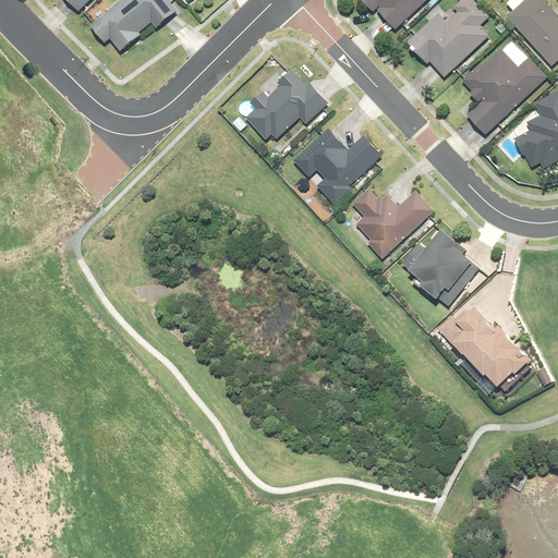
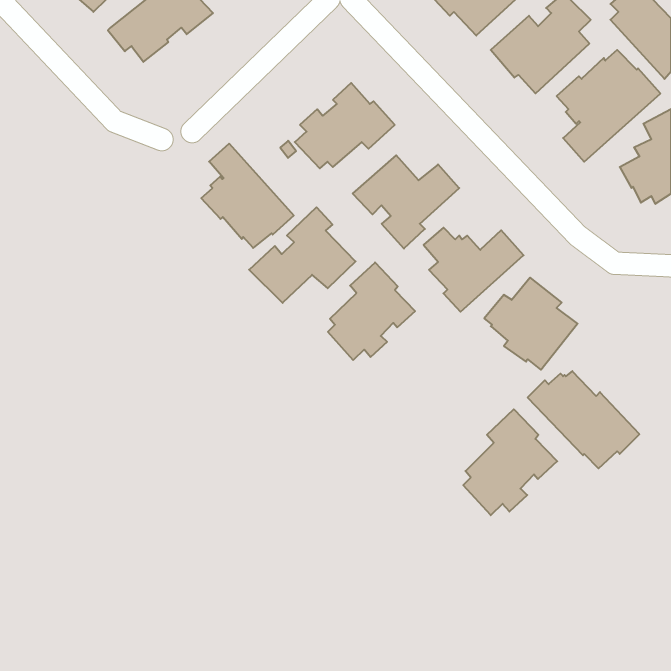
building: none -> [201,144,294,248]
building: none -> [249,207,356,303]
building: none -> [328,262,415,360]
building: none -> [463,409,557,515]

